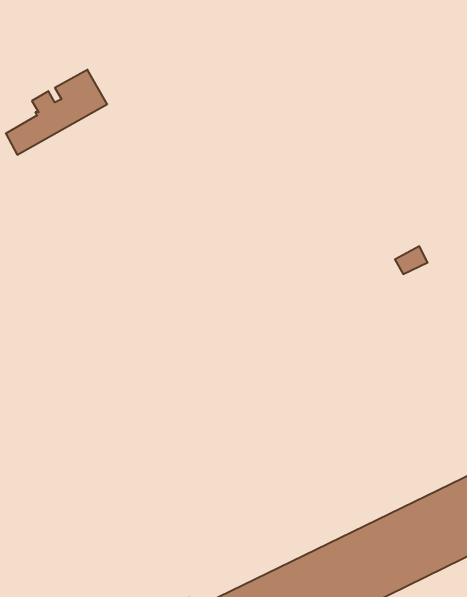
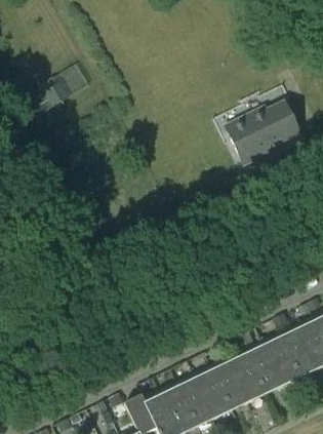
building: none -> [227,102,298,162]

